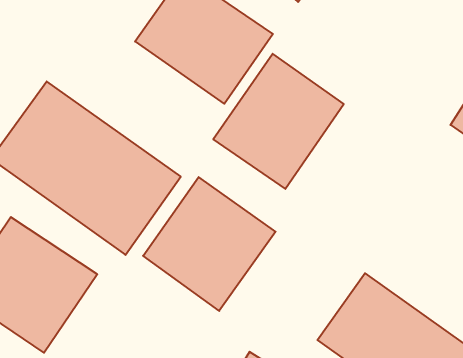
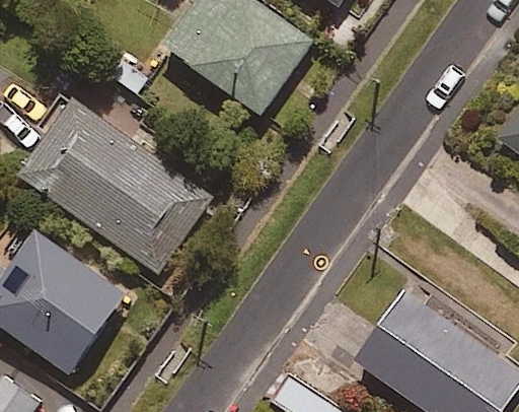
building: [213,54,344,189] -> none
building: [143,177,276,311] -> none

